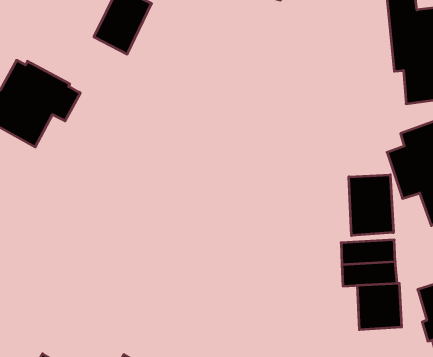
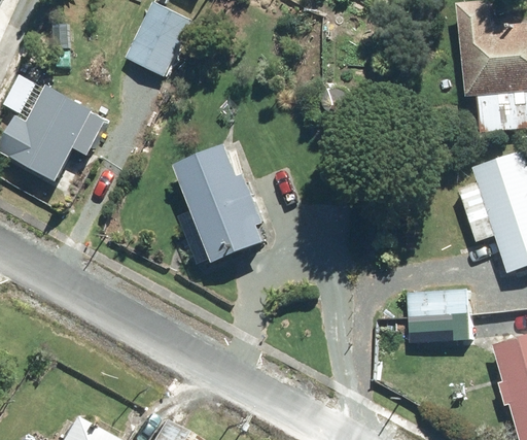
building: none -> [177,144,270,263]
building: [349,175,393,236] -> none
building: [357,283,402,330] -> none

